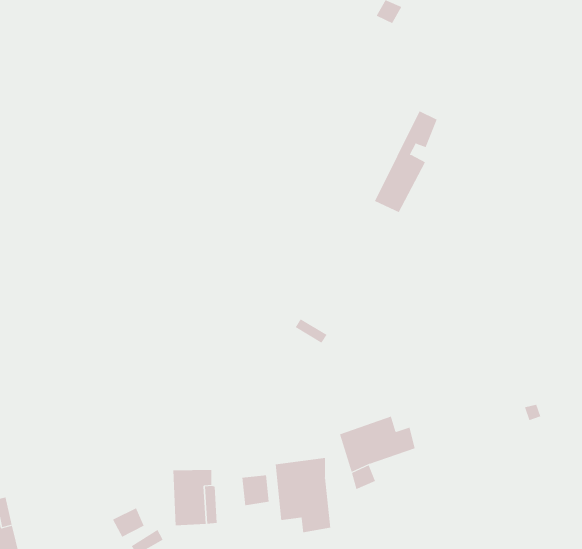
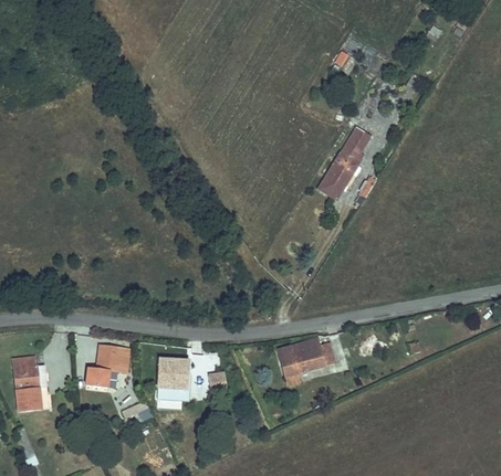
building: [275,457,331,533] -> none
building: none -> [84,345,128,394]

